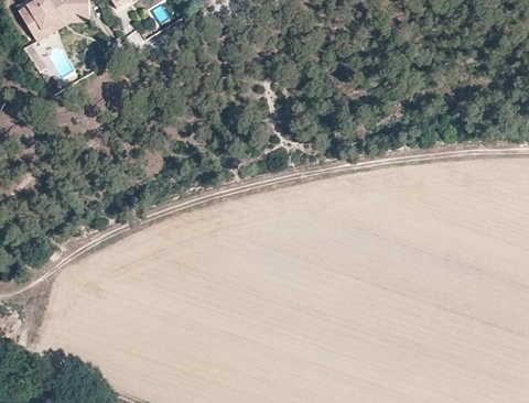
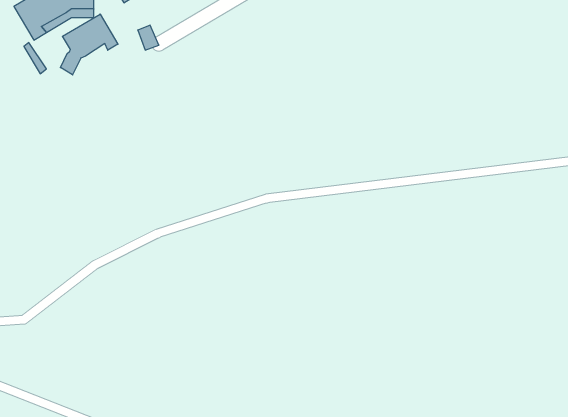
building: none -> [60,14,118,75]

